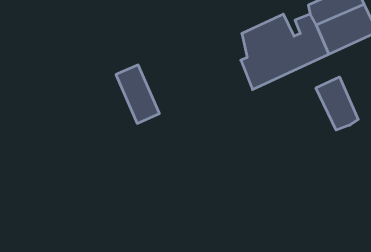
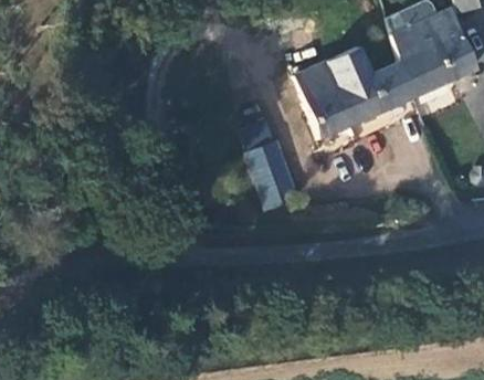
building: [116,65,159,123] -> [243,135,297,208]
building: [316,77,358,130] -> none

